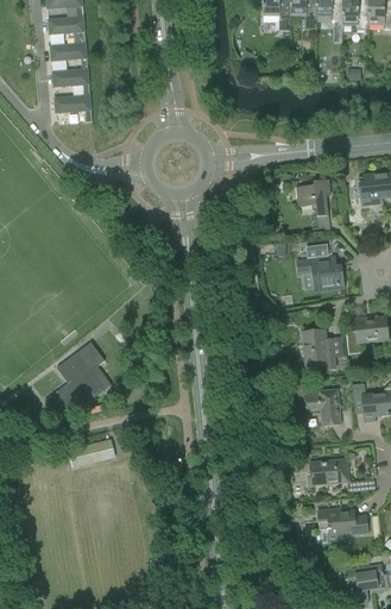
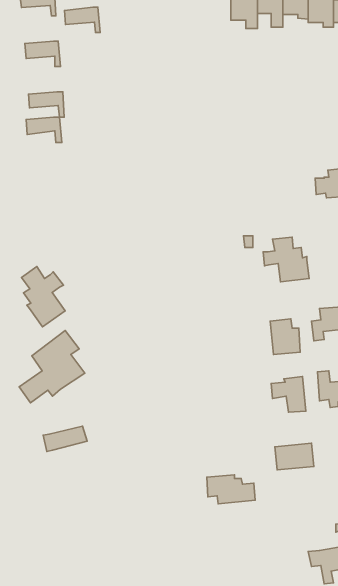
building: [48,17,84,43] -> [65,7,100,32]
building: [52,69,89,95] -> [26,117,62,142]
building: [296,180,329,216] -> none
building: none -> [22,266,65,327]
building: [317,507,367,536] -> [207,475,255,504]

